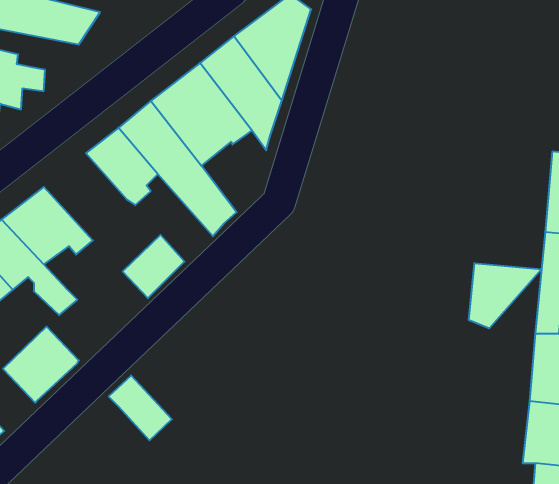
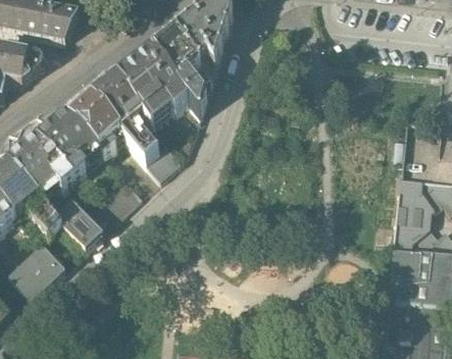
building: none -> [37,114,97,177]
building: [469,263,542,328] -> none
building: [109,375,172,440] -> [54,198,100,245]

